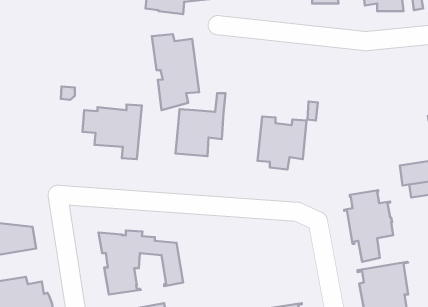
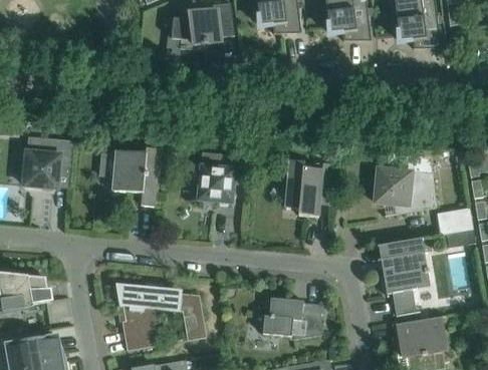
building: [152,34,199,110] -> none
building: none -> [24,136,73,188]
building: none -> [375,167,437,214]
building: none -> [262,298,324,339]

